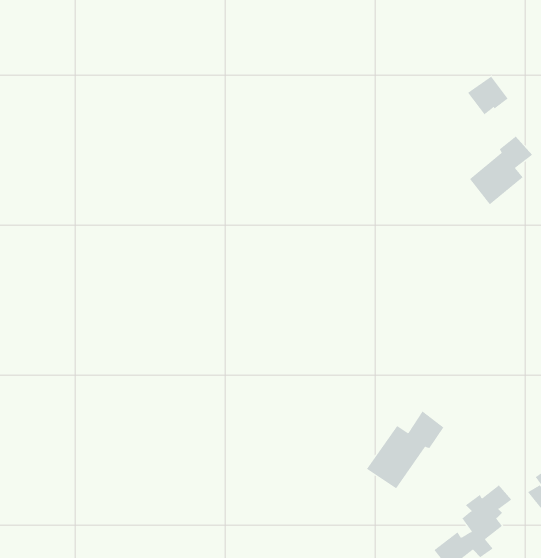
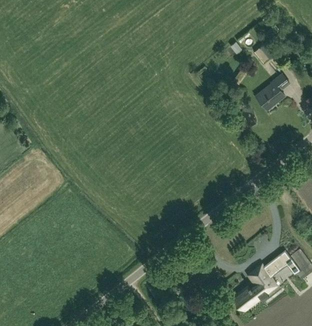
building: [366,410,444,489] -> none

